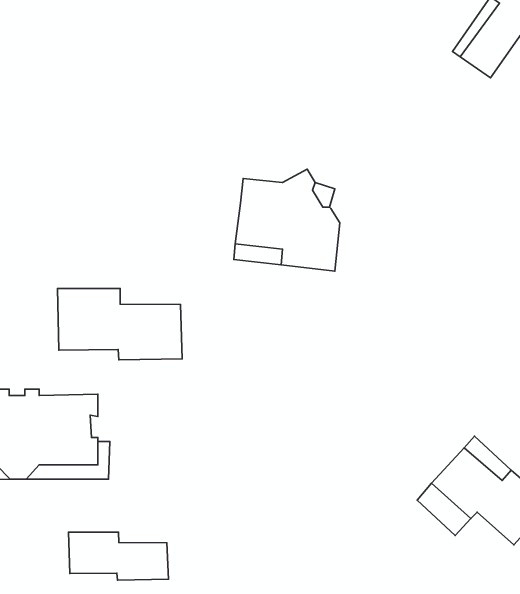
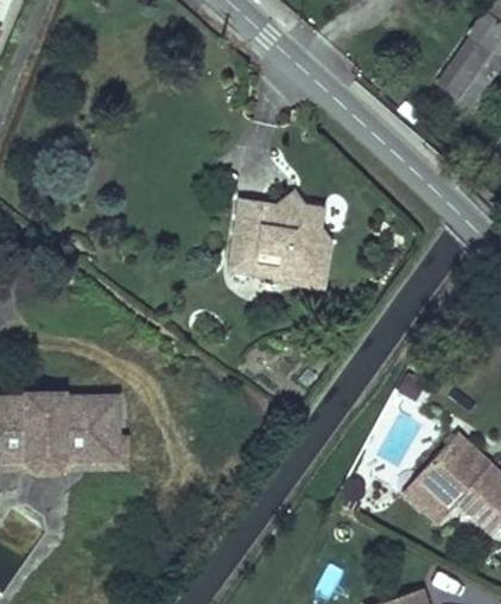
building: [58,289,182,360] -> none
building: [69,532,168,580] -> none

